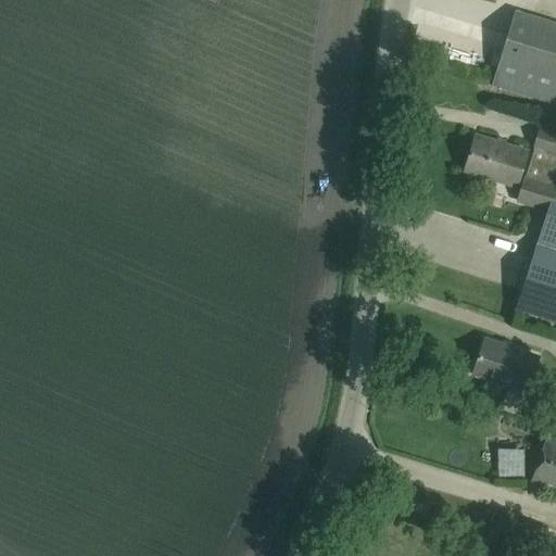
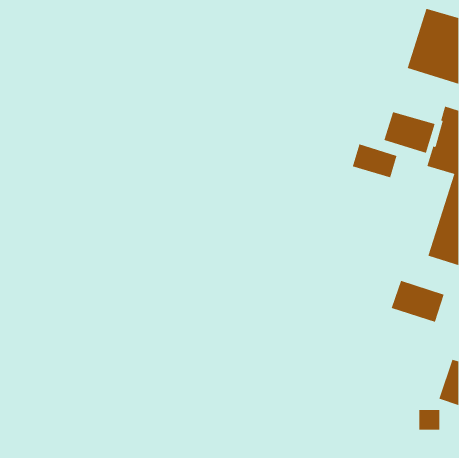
building: none -> [352,144,397,178]
building: [498,453,525,478] -> [419,410,440,430]

